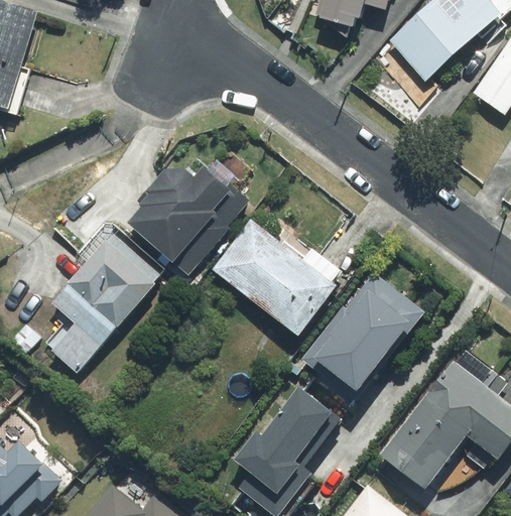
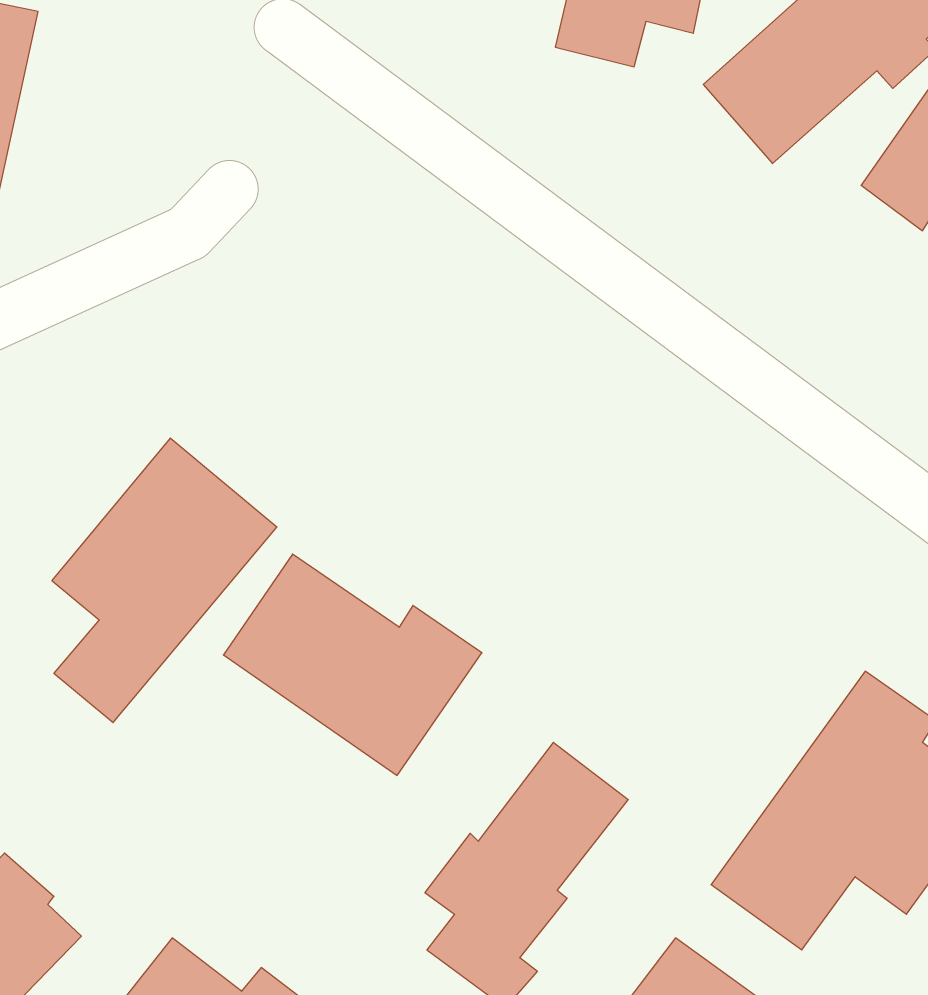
building: [131,156,237,262] -> none
building: [215,221,347,334] -> [223,554,482,775]
building: [301,271,425,407] -> none

